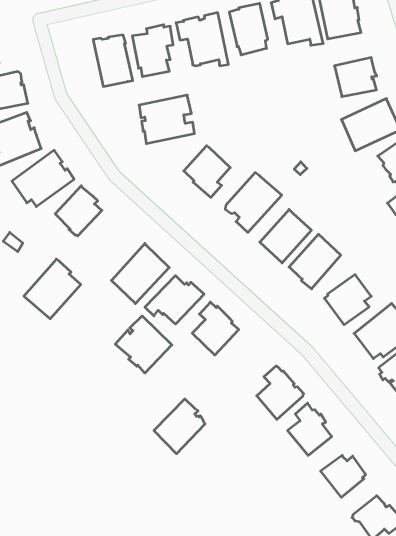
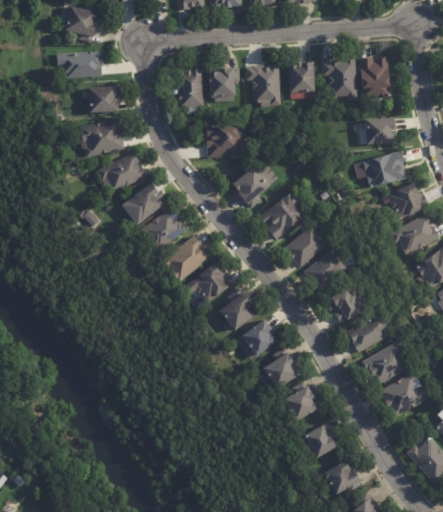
building: [24,259,81,319] -> [139,206,185,252]
building: [115,316,172,373] -> none
building: [154,399,205,454] -> [235,319,276,361]

